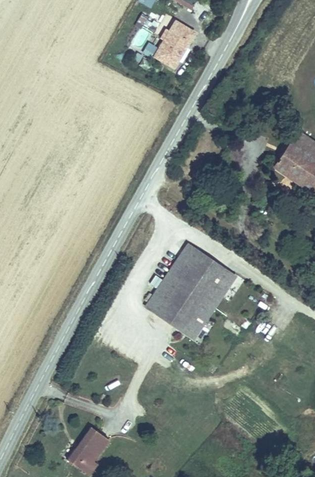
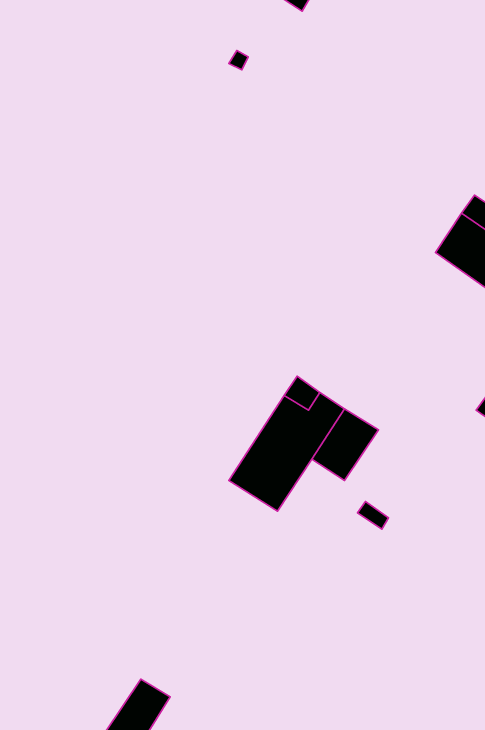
building: [152,23,194,73] -> none
building: [174,291,215,336] -> none

